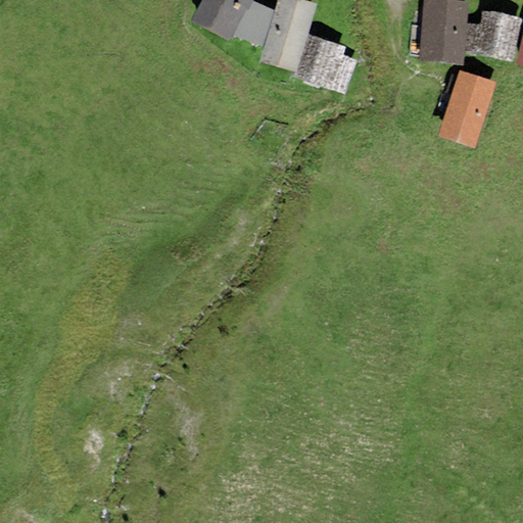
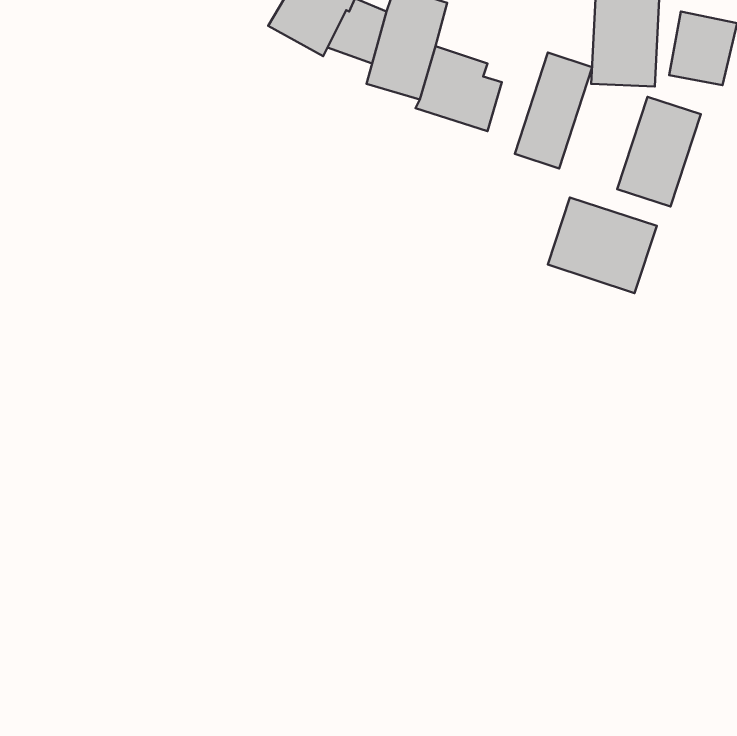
building: none -> [515,53,592,168]
building: none -> [548,197,657,293]

